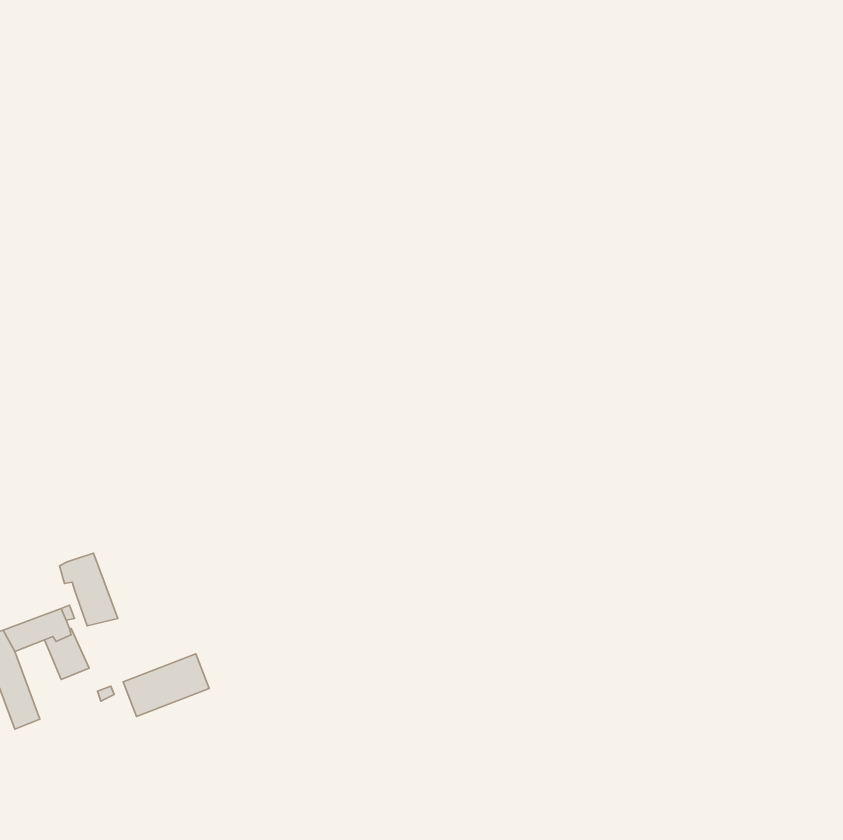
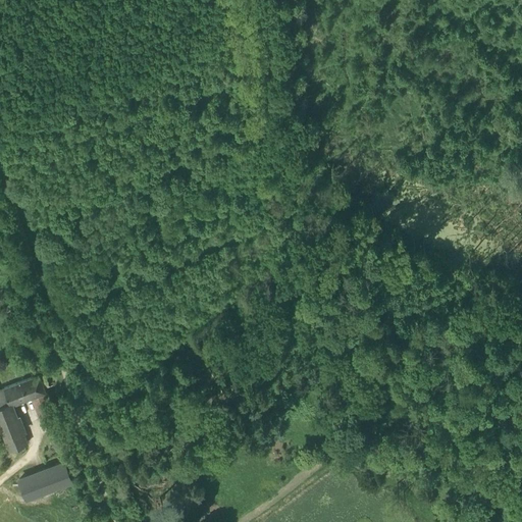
building: [59,553,118,626] -> none
building: [123,654,209,717] -> [18,463,71,502]

